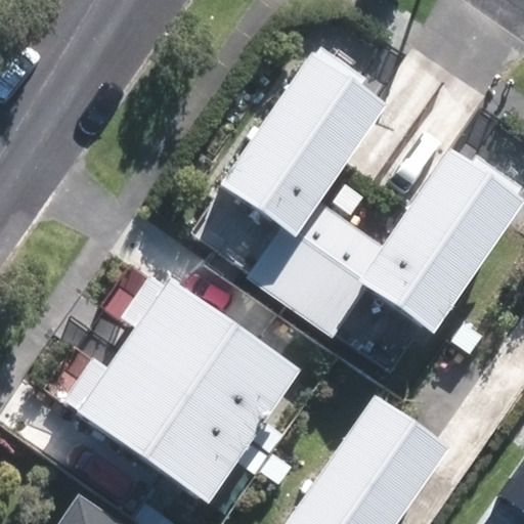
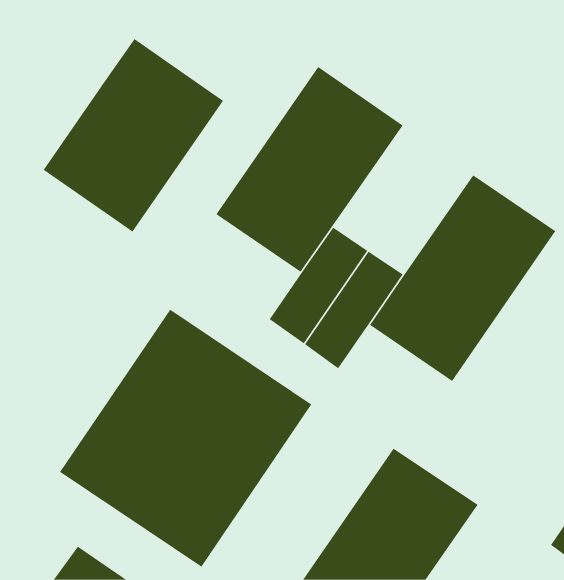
building: none -> [43,38,224,233]

